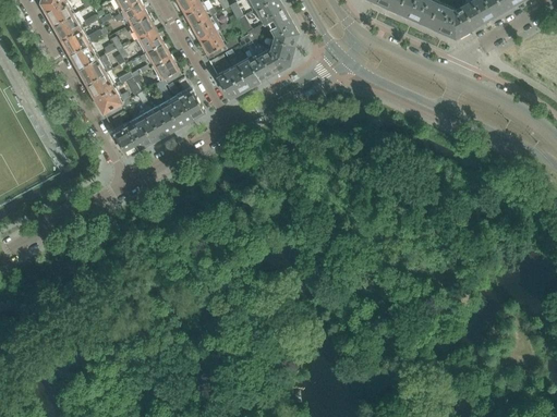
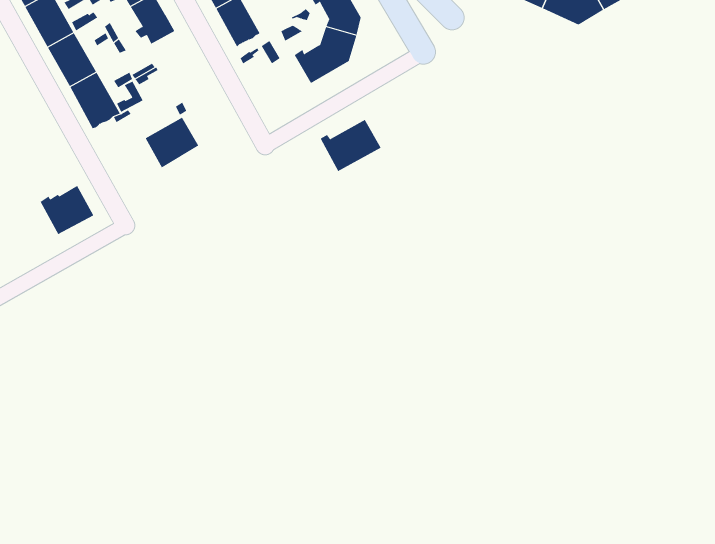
building: [138,42,178,82] -> none
building: [215,60,259,98] -> [320,119,382,172]
building: [167,76,204,125] -> none
building: [112,120,152,156] -> [40,185,94,235]

